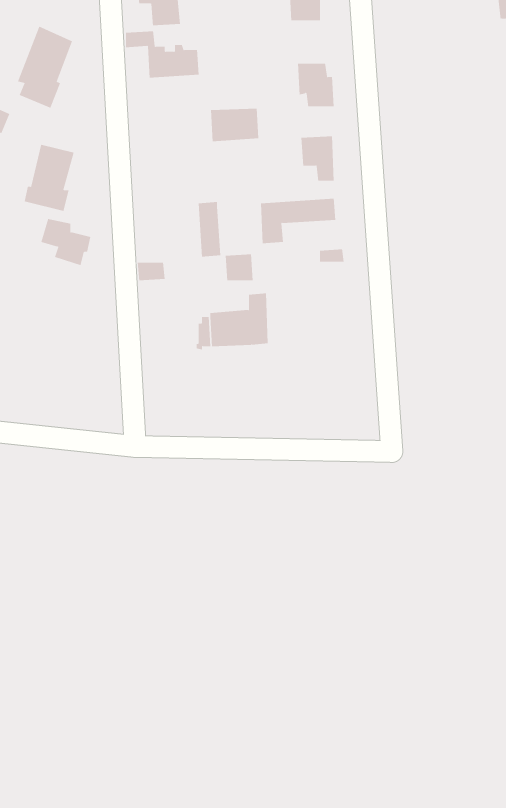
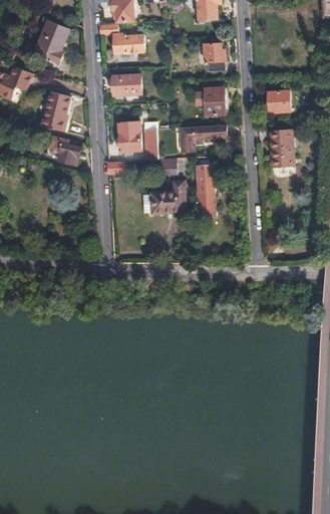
building: [210,108,259,142] -> [113,75,142,95]
building: none -> [268,91,290,112]
building: none -> [118,122,140,152]
building: none -> [273,130,295,168]
building: none -> [196,165,215,217]

